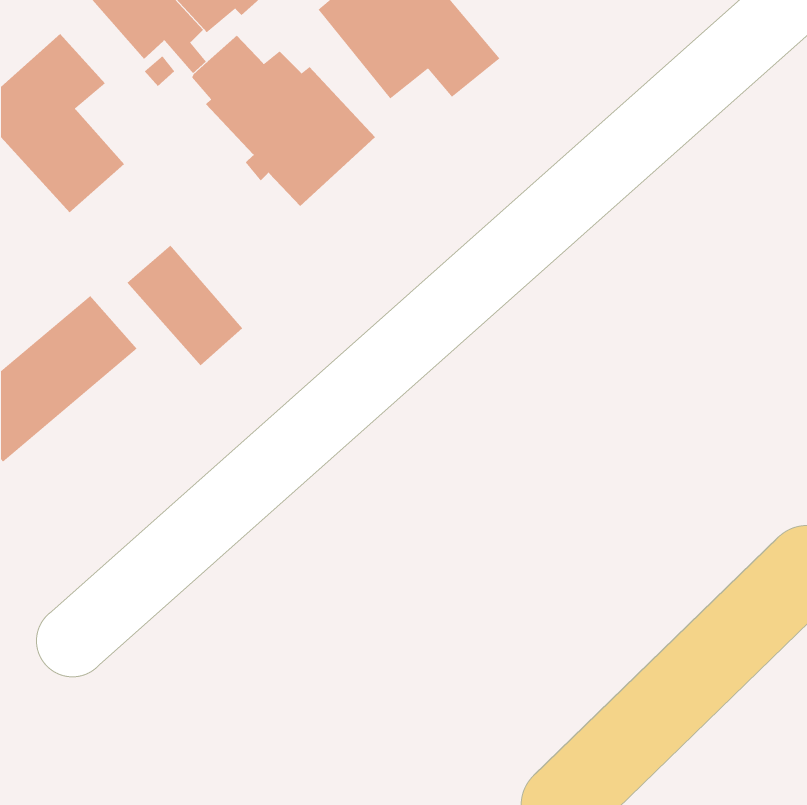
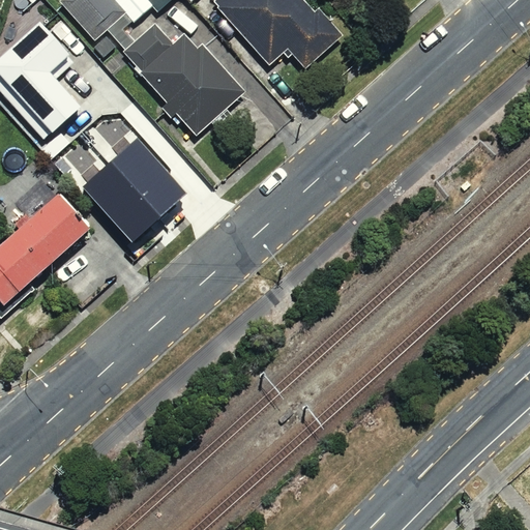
building: none -> [112,138,186,215]

